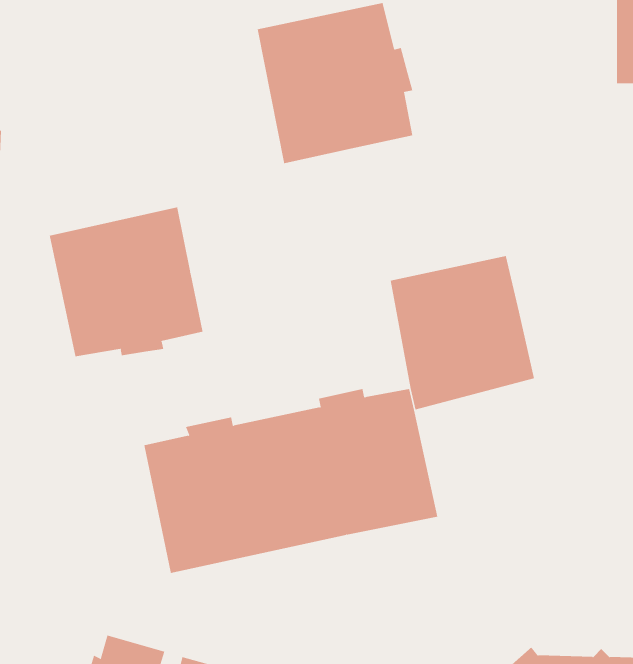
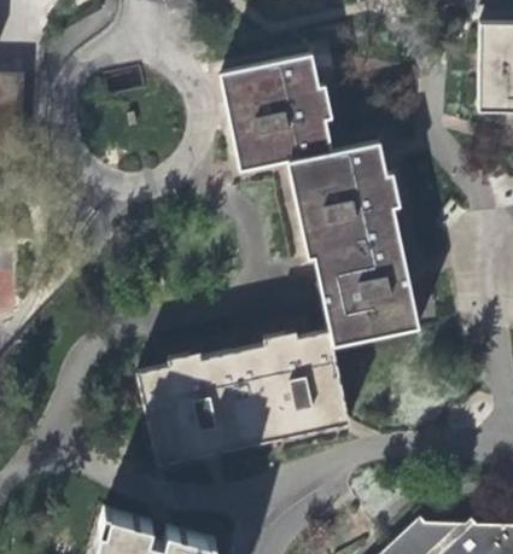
building: none -> [287,140,402,253]
building: [49,206,203,357] -> none

